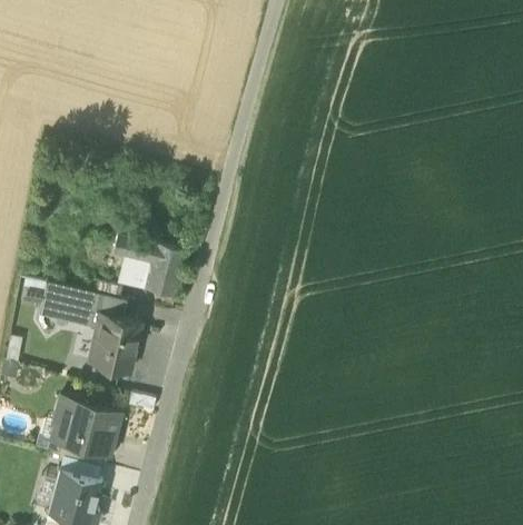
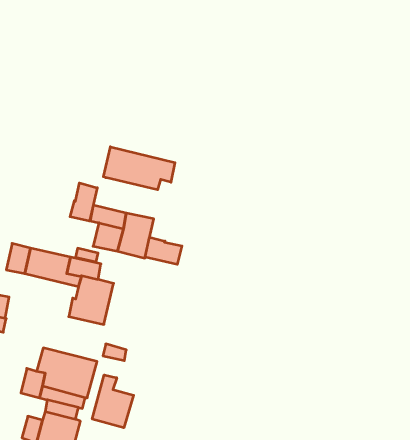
building: none -> [103,147,175,190]
building: none -> [70,183,97,221]
building: none -> [145,237,182,264]
building: none -> [92,375,134,428]

